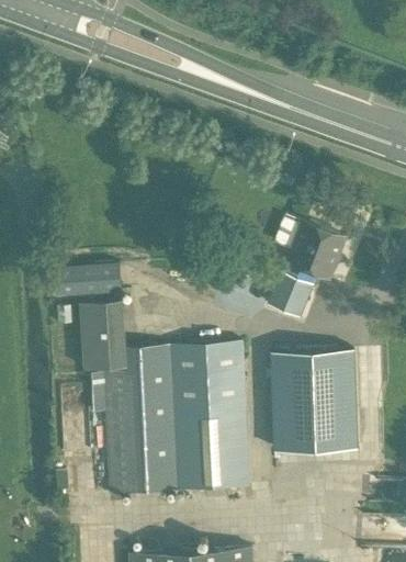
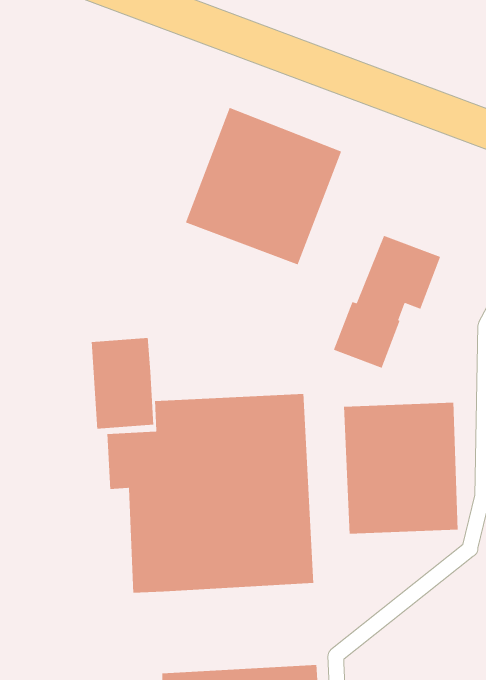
building: none -> [185,107,342,265]
building: [54,266,122,297] -> none

